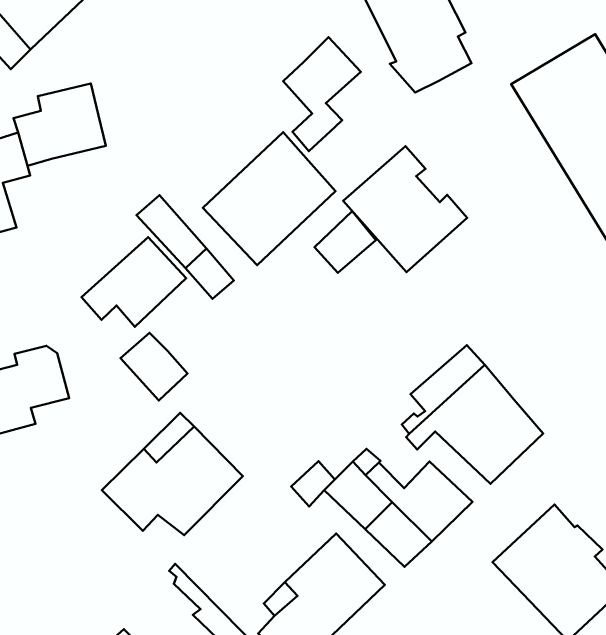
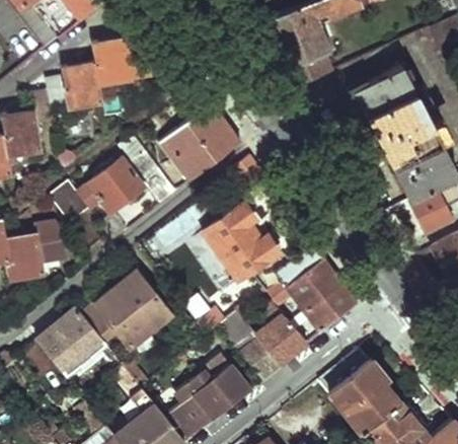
building: none -> [92,36,151,83]
building: [283,37,361,151] -> none
building: [343,146,467,272] -> [204,203,280,281]
building: [121,333,187,401] -> [49,182,89,225]
building: none -> [35,310,103,375]

